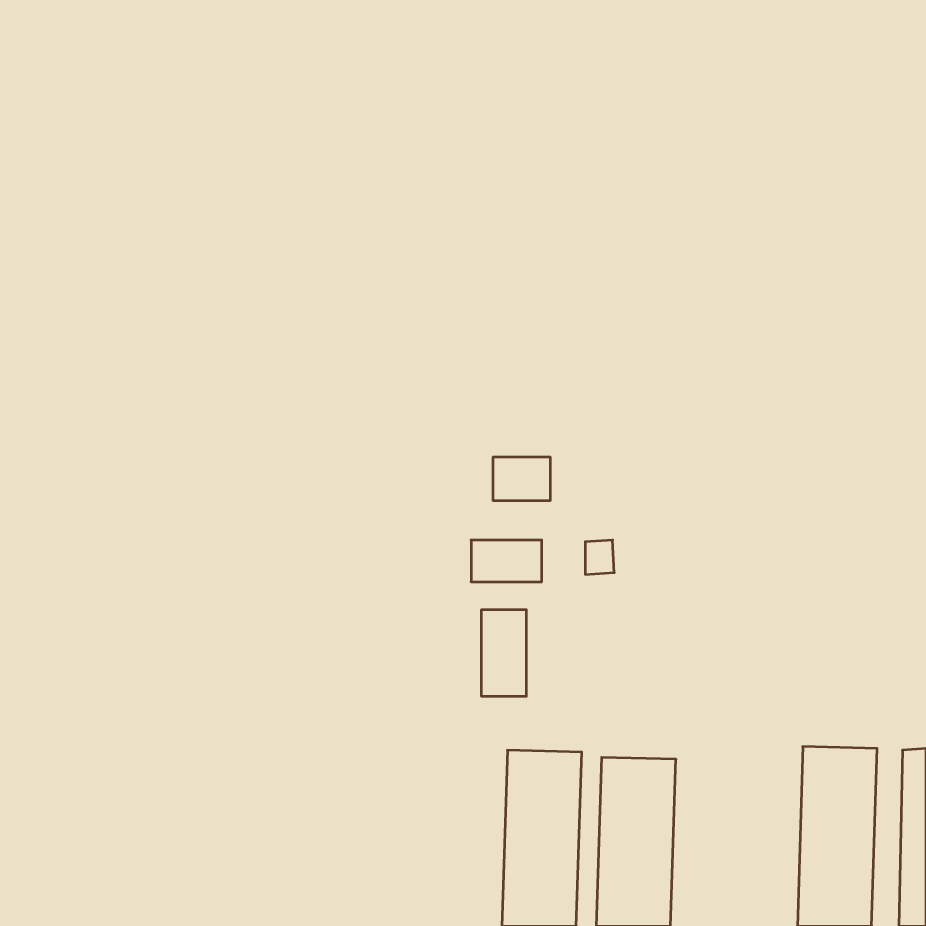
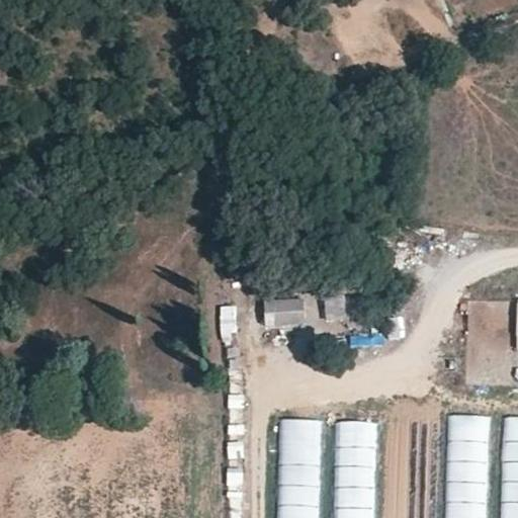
building: [493,457,550,501] -> none
building: [482,610,526,696] -> none

